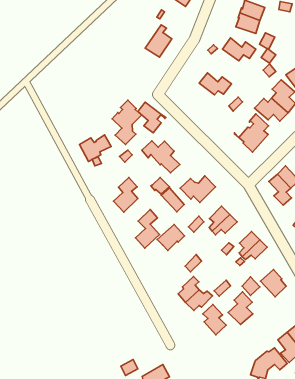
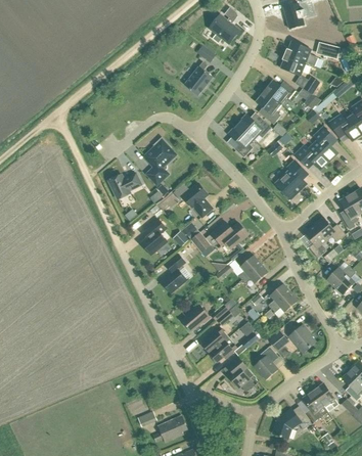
building: none -> [256,91,281,125]
building: [138,102,166,133] -> [230,125,259,157]
building: [157,225,185,251] -> [182,305,211,331]

